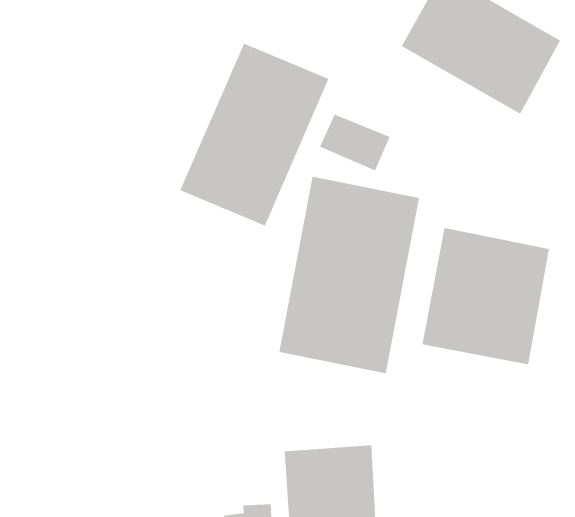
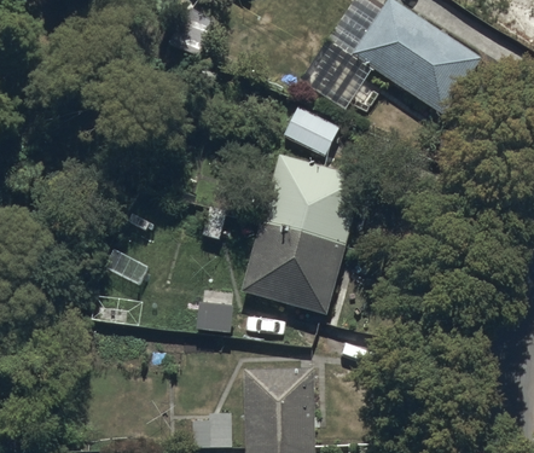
building: [180,43,329,226] -> none
building: [422,227,550,365] -> none

